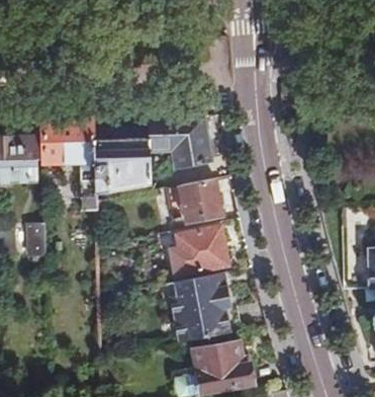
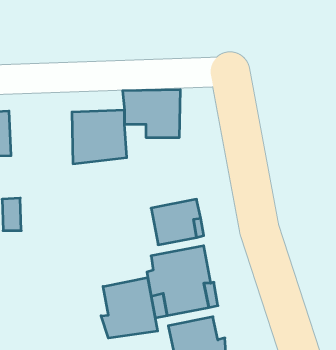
building: [41,118,99,212] -> none
building: [180,178,222,224] -> none
building: none -> [101,278,158,338]

